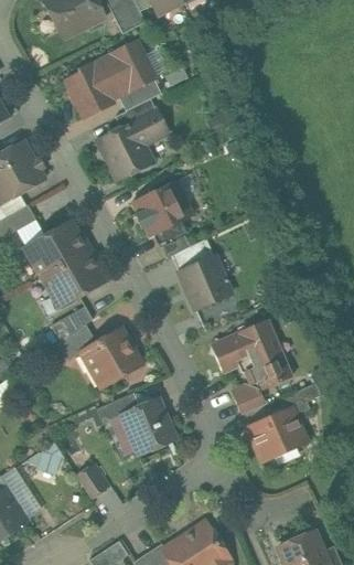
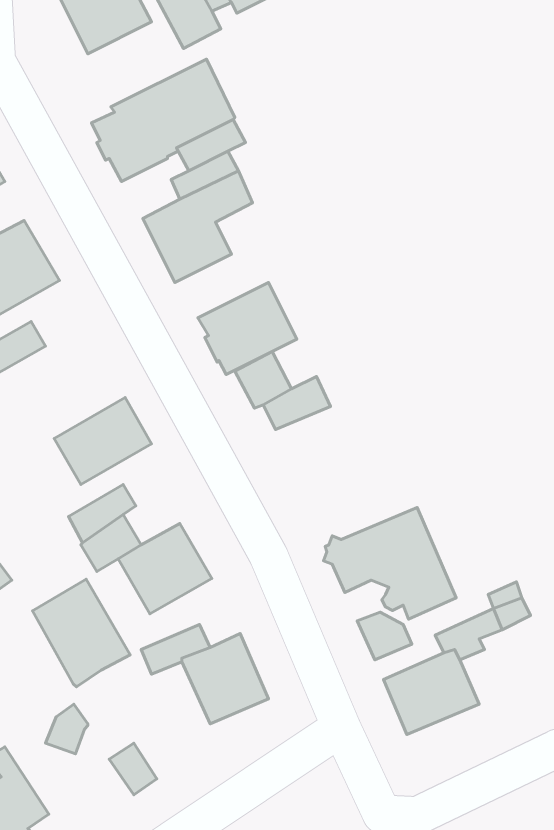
building: [26,223,86,277] -> none
building: [180,257,229,309] -> none
building: none -> [32,579,130,687]

